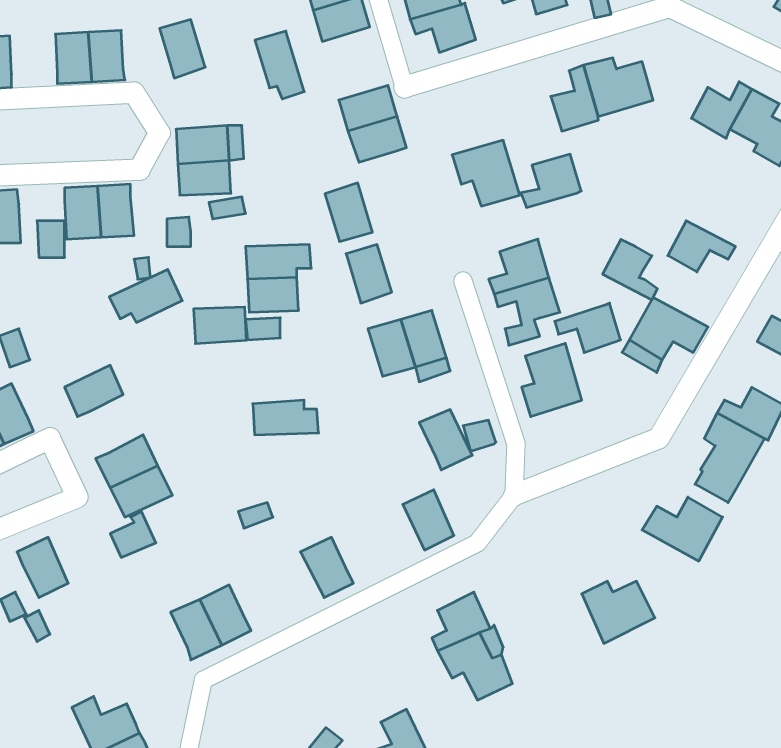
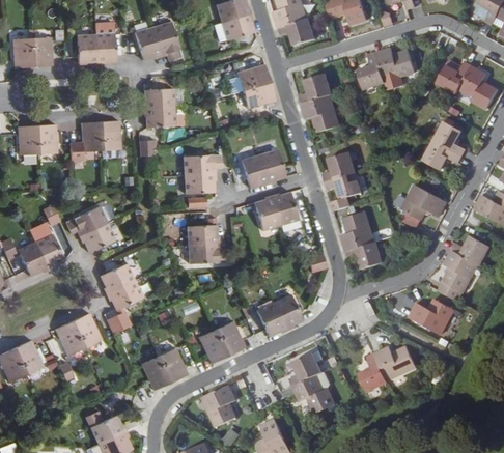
building: [255,31,304,99] -> [152,22,180,60]
building: [521,154,581,207] -> [298,74,332,104]
building: [325,183,372,241] -> [258,148,285,181]
building: [603,239,657,300] -> [433,121,465,155]
building: [109,269,182,322] -> [65,205,107,235]
building: [555,303,621,353] -> [345,242,383,270]
building: [194,307,247,344] -> [187,224,217,245]
building: [419,410,472,470] -> [255,302,285,336]
building: none -> [72,313,101,346]
building: none -> [198,329,228,363]
building: none -> [359,352,388,392]
building: none -> [202,384,236,426]

